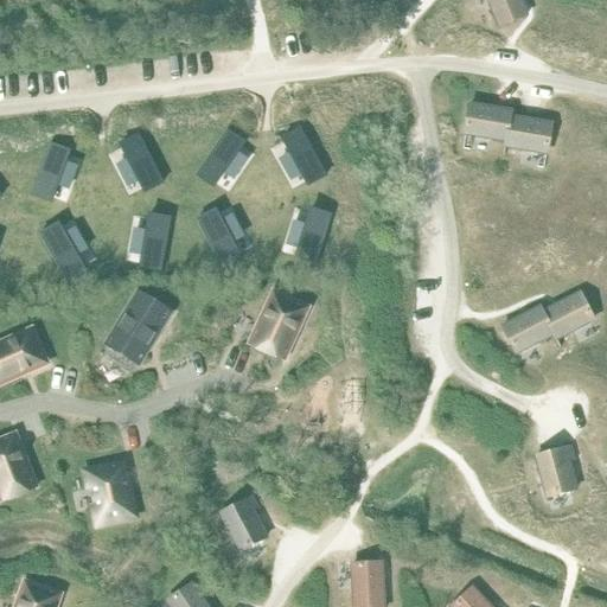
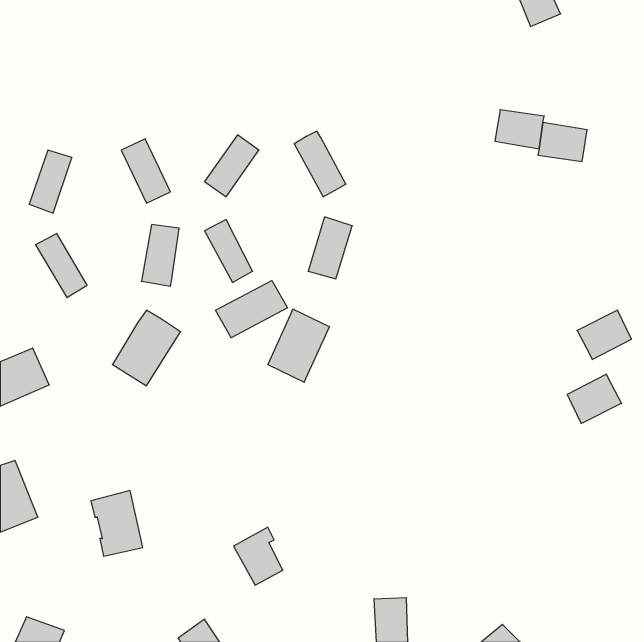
building: none -> [215,281,287,338]
building: [504,306,555,352] -> [567,374,622,423]
building: [537,446,577,496] -> none

